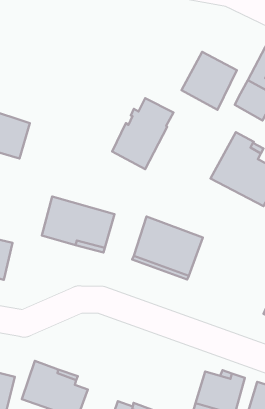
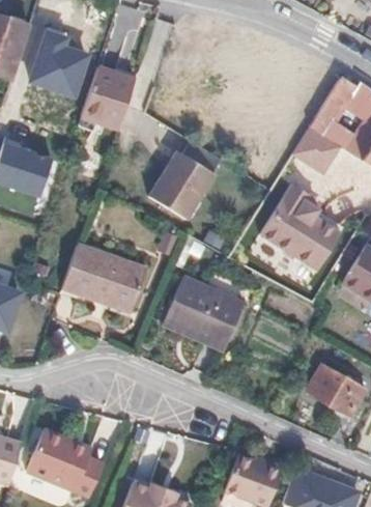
building: none -> [32,29,92,98]
building: none -> [81,66,134,129]
building: [182,52,237,110] -> none

